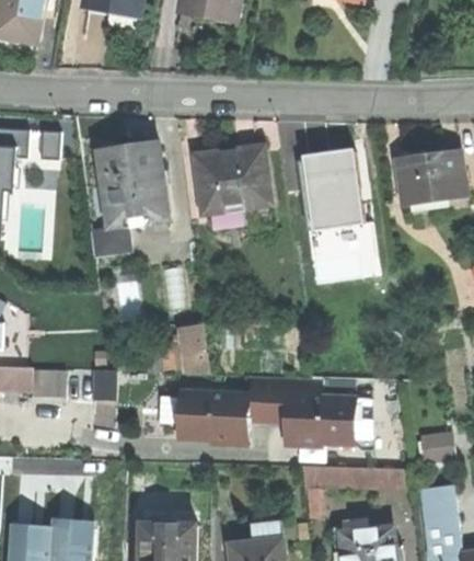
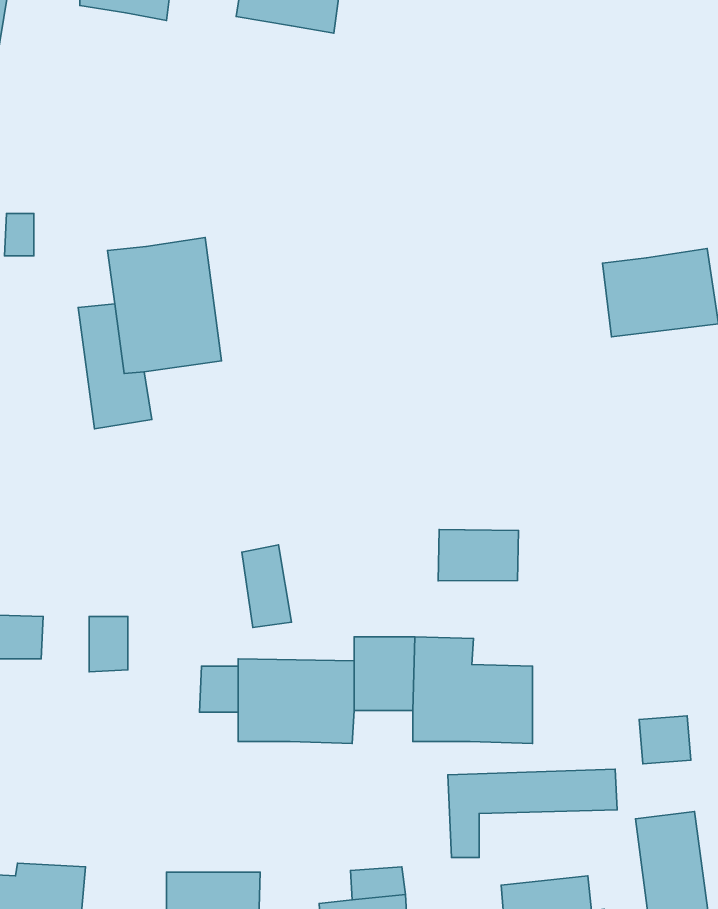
building: [302,148,361,227] -> none
building: [198,149,273,214] -> none
building: none -> [438,529,518,581]

